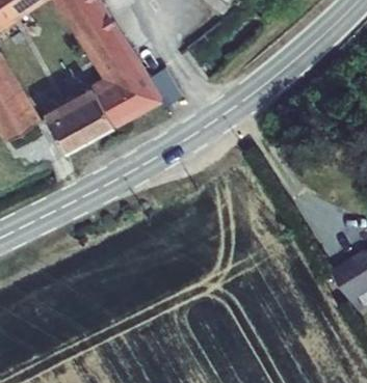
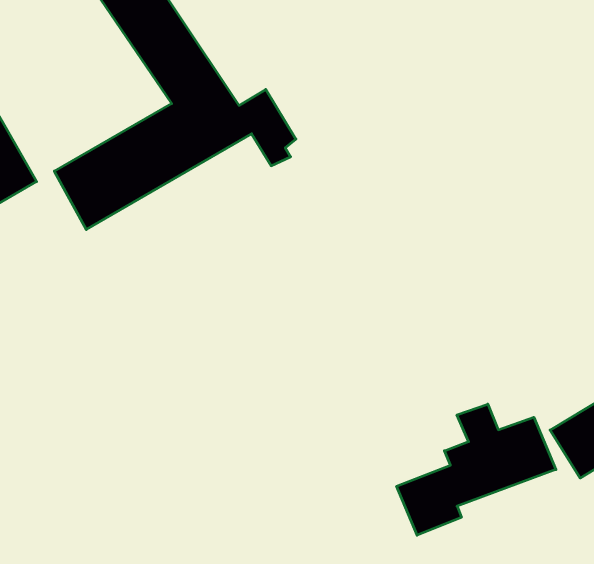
building: none -> [397,404,556,535]

